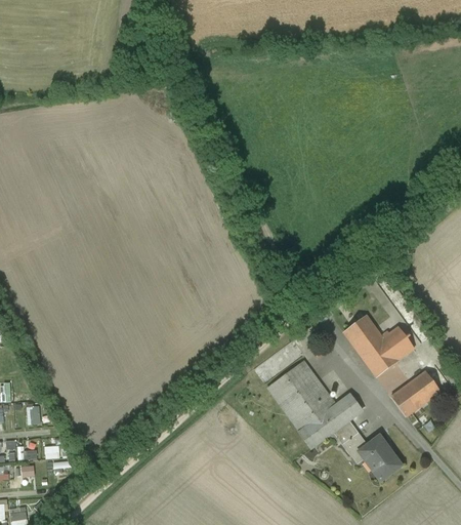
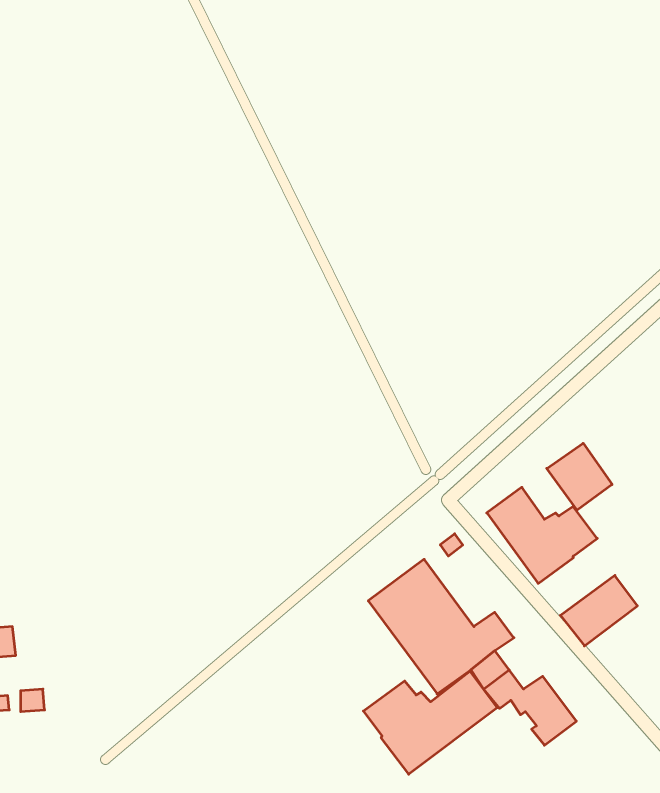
building: none -> [547,443,612,510]
building: none -> [363,671,497,774]

